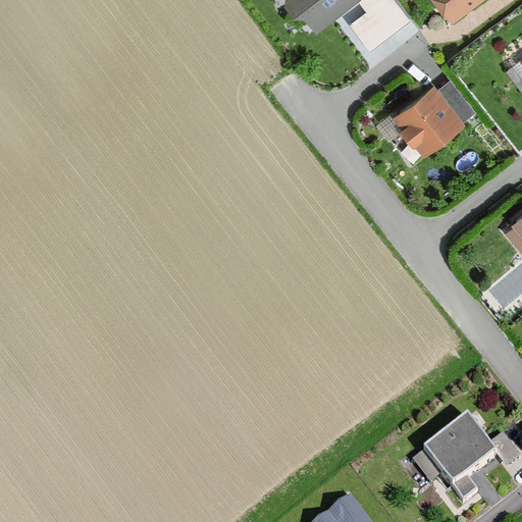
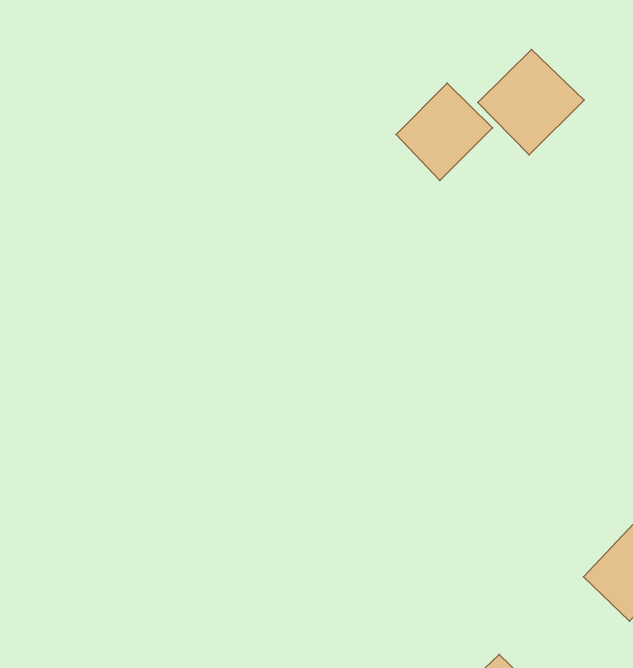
building: none -> [396,83,493,180]

